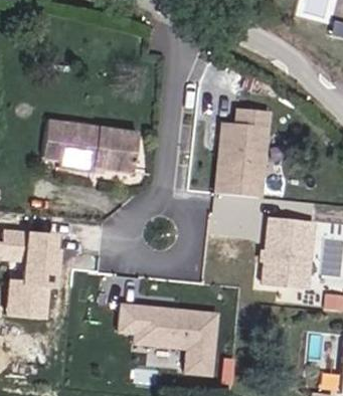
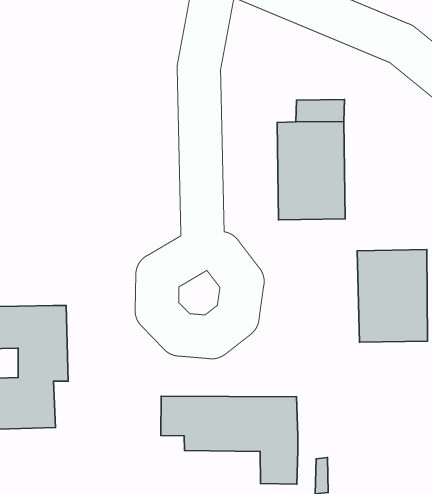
building: [36,122,131,177] -> none

